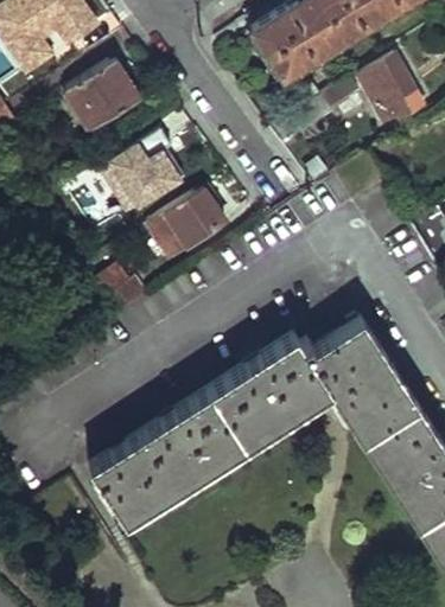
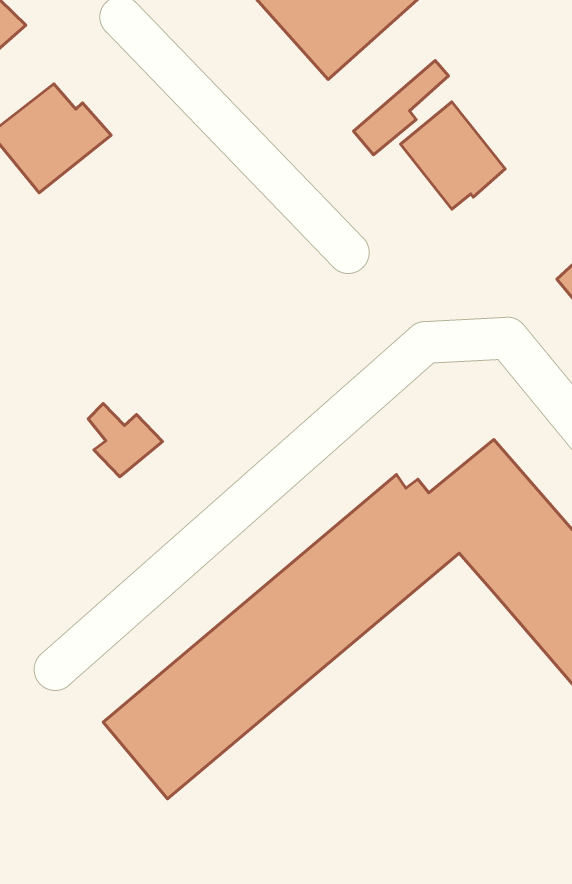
building: [362,57,426,124] -> [400,102,505,209]
building: [96,127,184,213] -> none
building: [148,189,224,256] -> none

